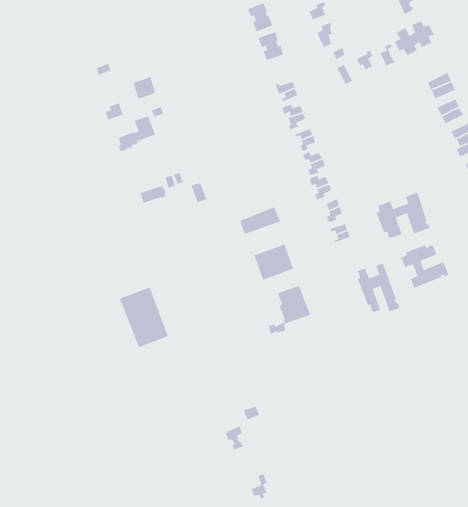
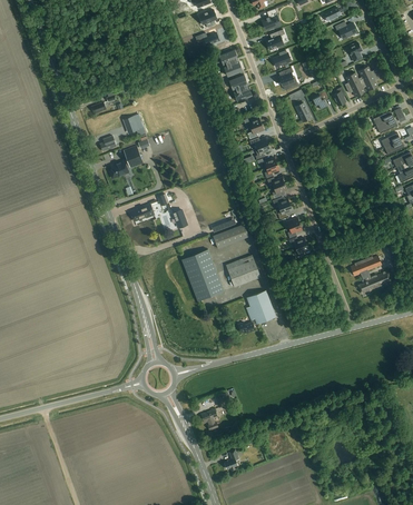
building: [375,192,430,238] -> none
building: [357,262,400,313] -> none
building: [119,286,169,348] -> [181,249,224,301]

